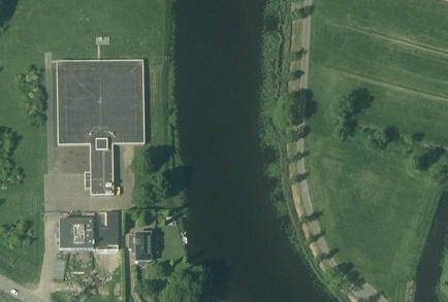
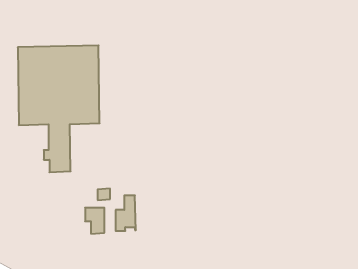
building: [97,211,119,249] -> [116,195,136,231]
building: [59,220,93,248] -> none

